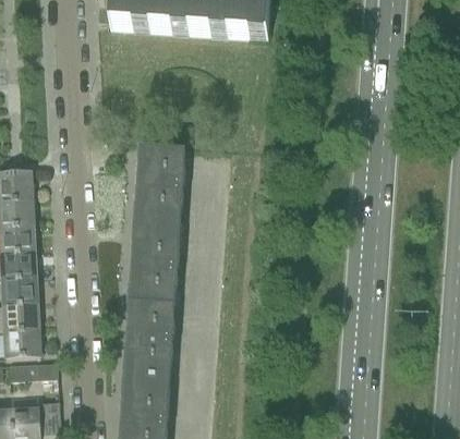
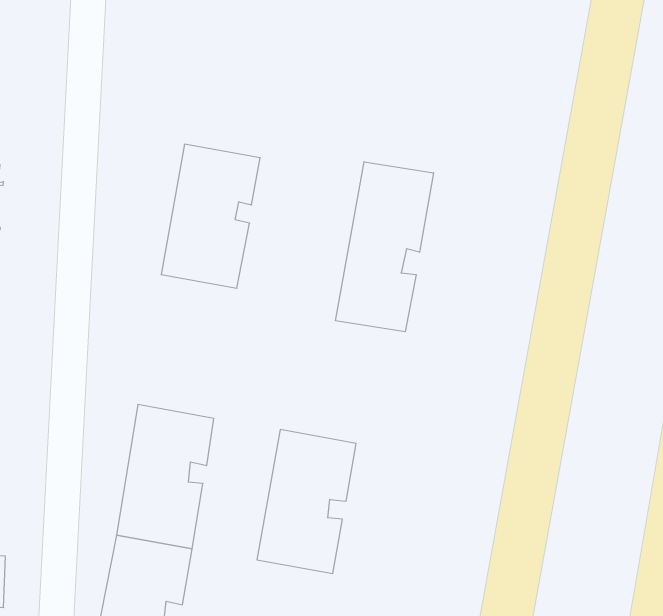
building: none -> [336,162,434,332]
building: [128,224,179,306] -> [257,430,356,574]

